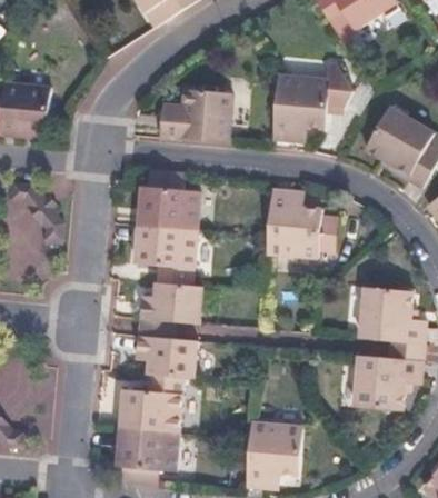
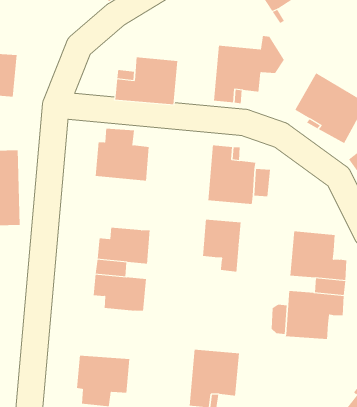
building: [135,225,197,286] -> none
building: none -> [202,219,241,273]
building: [120,375,183,432] -> none

